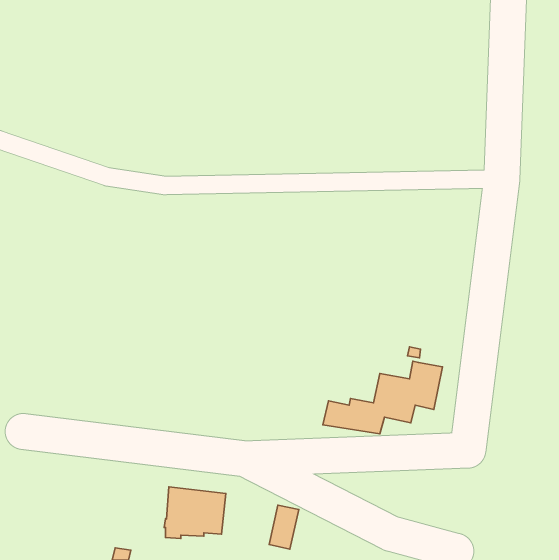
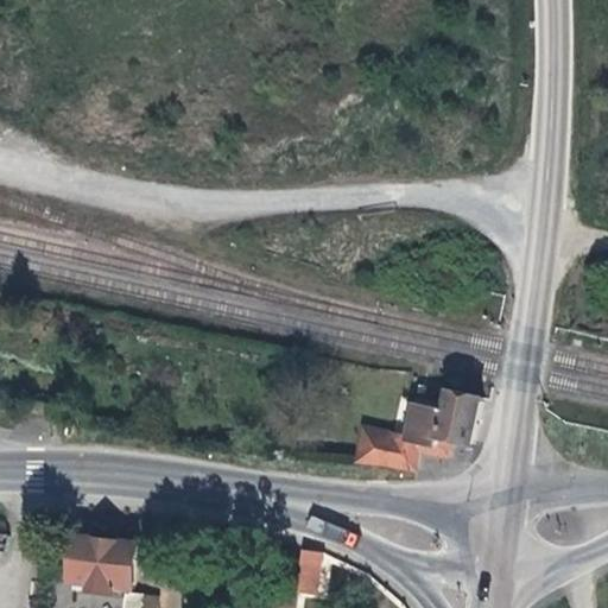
building: [164,487,226,538] -> [70,537,137,593]

